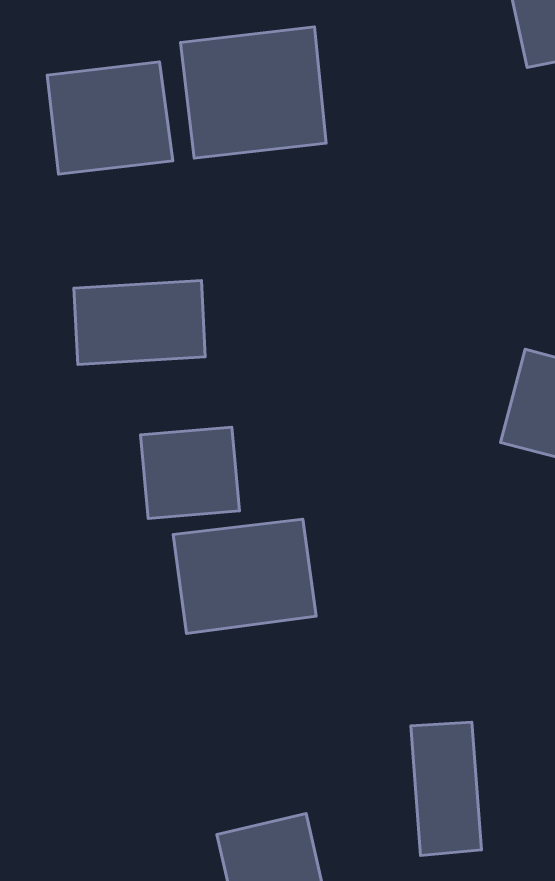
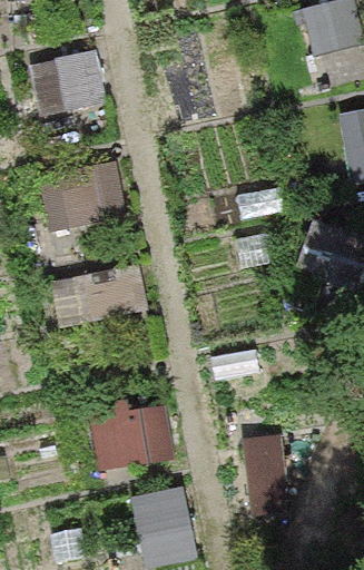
building: [181,27,326,158] -> none
building: [173,519,316,633] -> [90,404,174,471]

